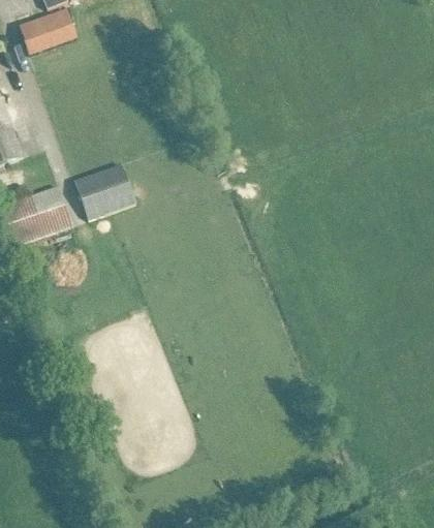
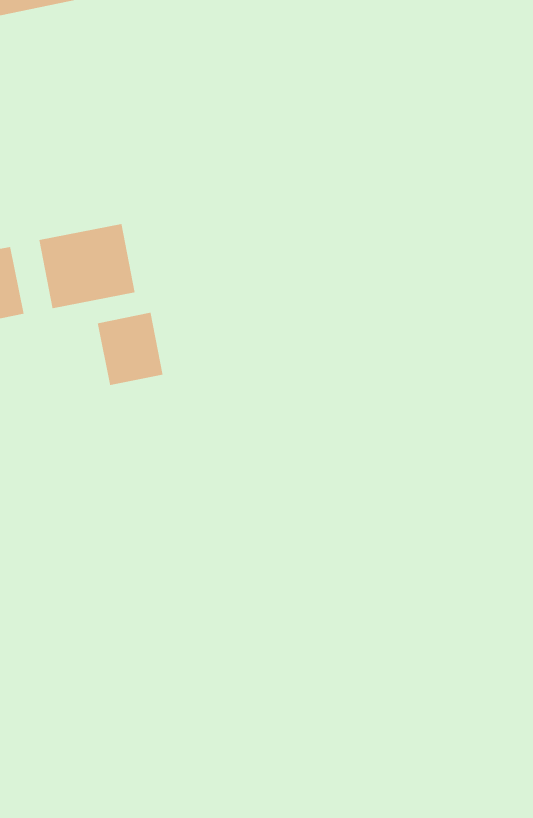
building: none -> [97,312,163,386]

